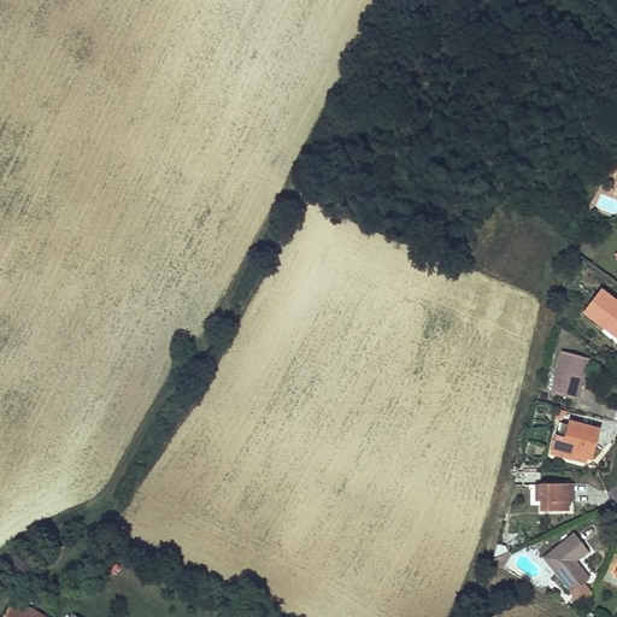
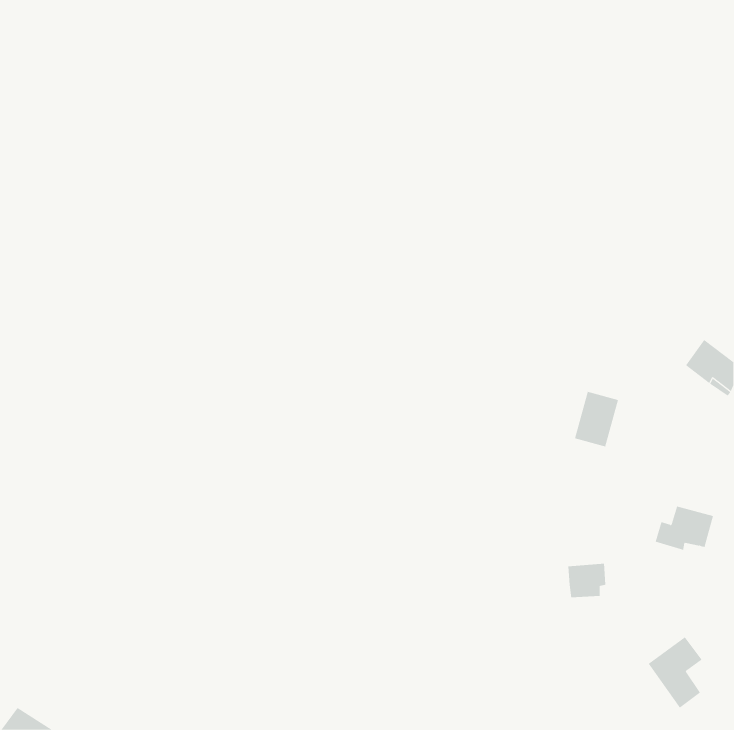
building: [552,352,589,399] -> [574,391,619,447]
building: [541,483,574,512] -> [568,563,606,598]

